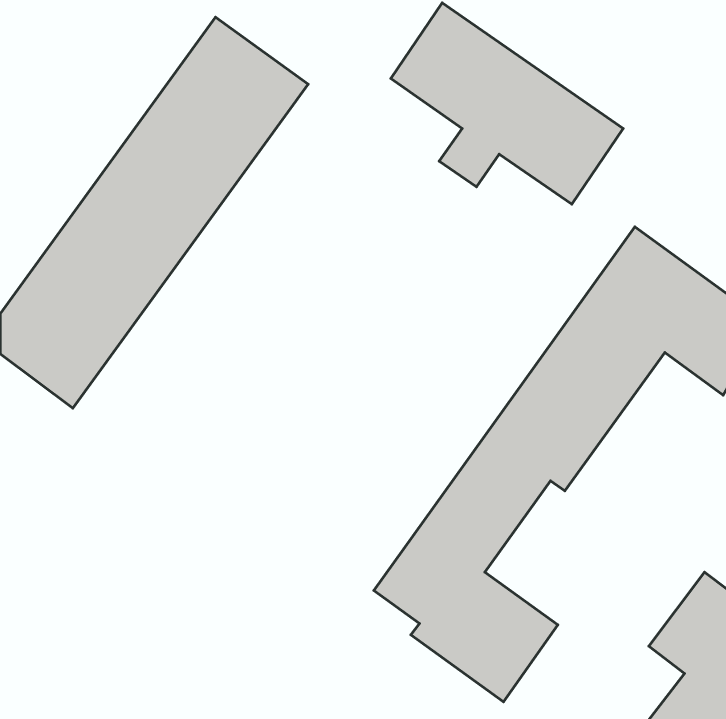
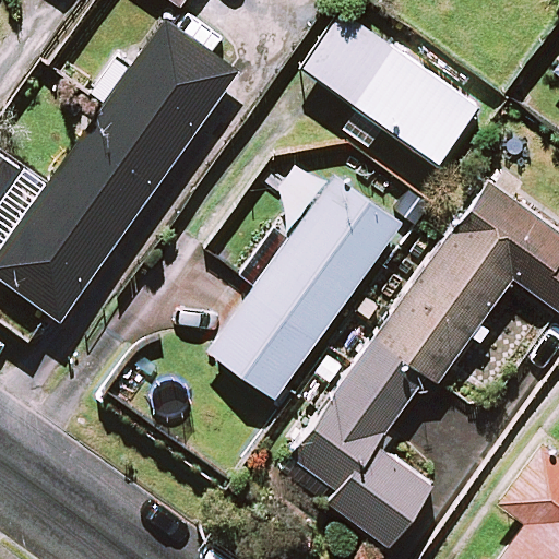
building: none -> [209,176,400,399]

